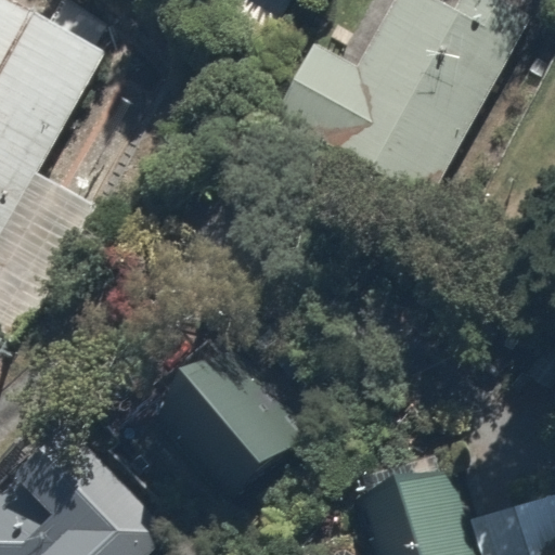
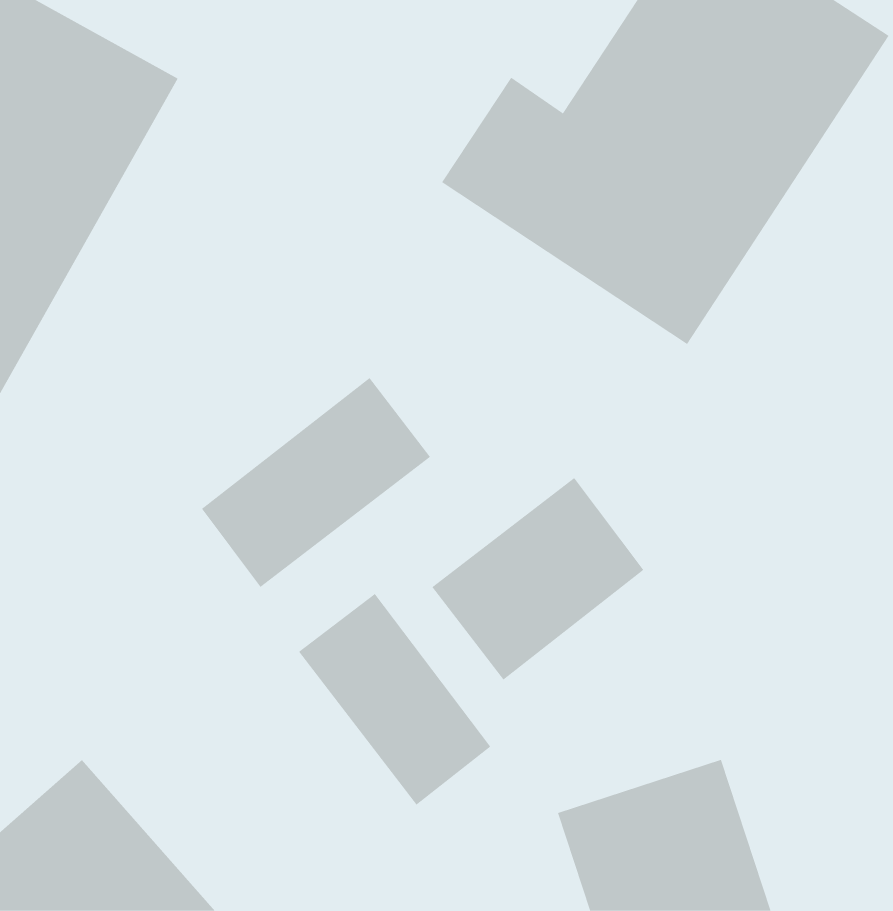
building: none -> [201,377,431,588]
building: none -> [431,477,644,680]

